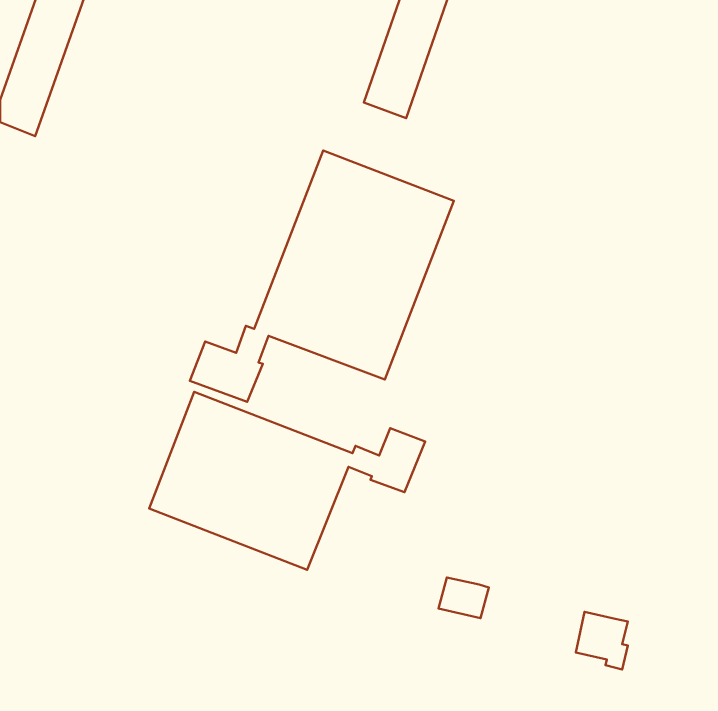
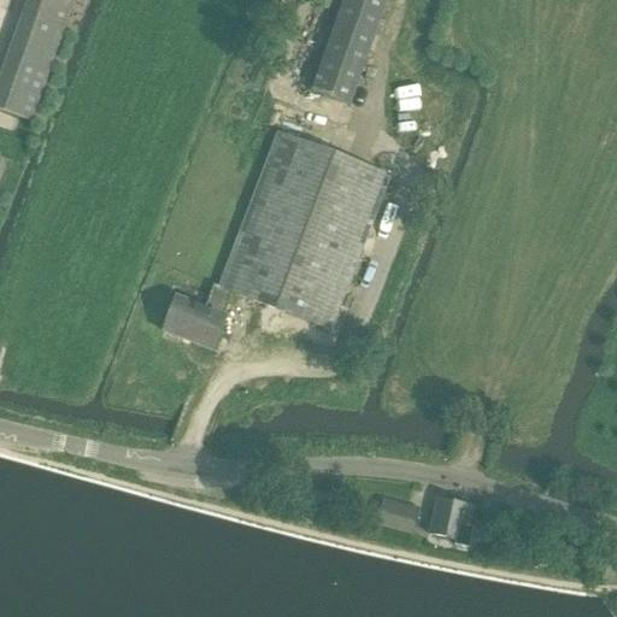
building: [149,392,425,570] -> none
building: [576,612,628,669] -> [429,494,474,543]

